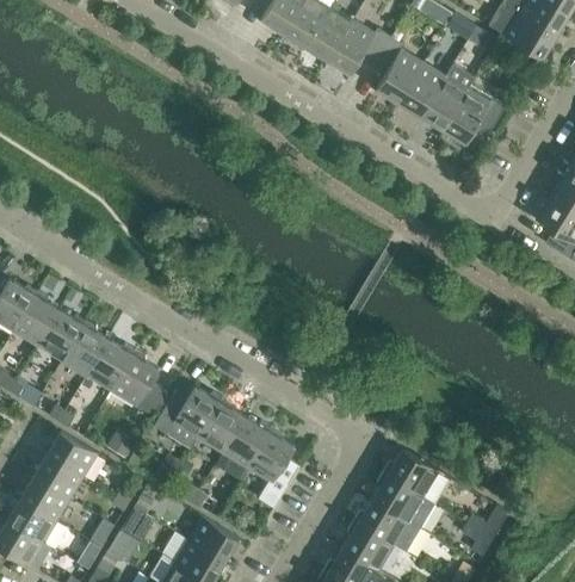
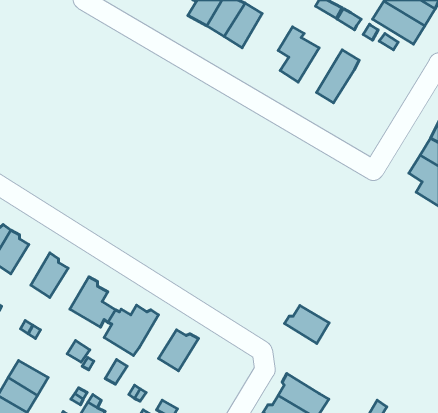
building: [327,19,390,75] -> none
building: [397,62,445,118] -> none
building: [441,89,506,146] -> none
building: [37,309,86,360] -> none
building: [86,339,135,390] -> none
building: [198,397,245,452] -> none
building: [247,427,299,507] -> none
building: [47,431,98,476] -> none
building: [383,448,439,496] -> [285,306,329,344]

